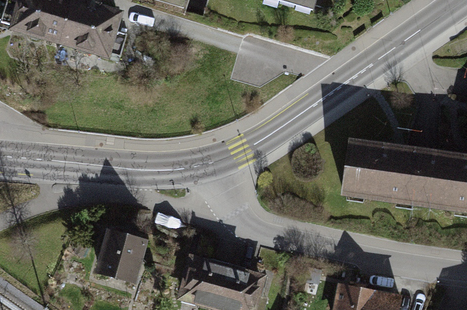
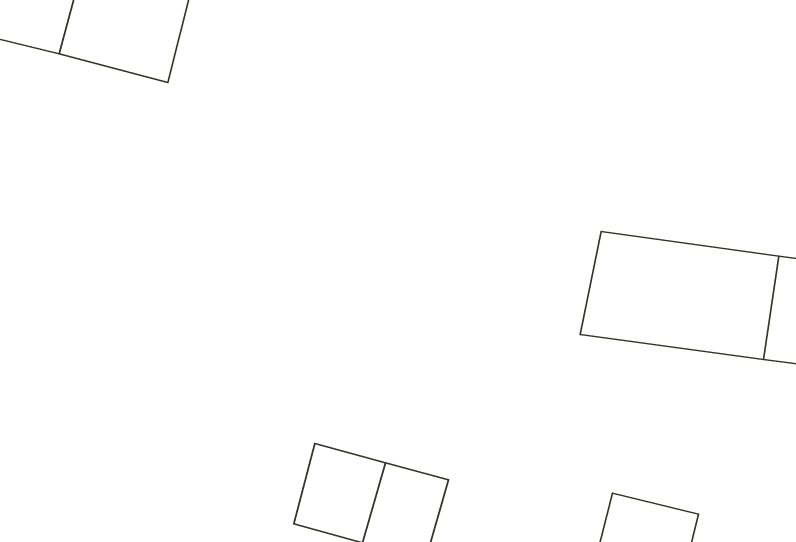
building: [93,227,147,284] -> none

